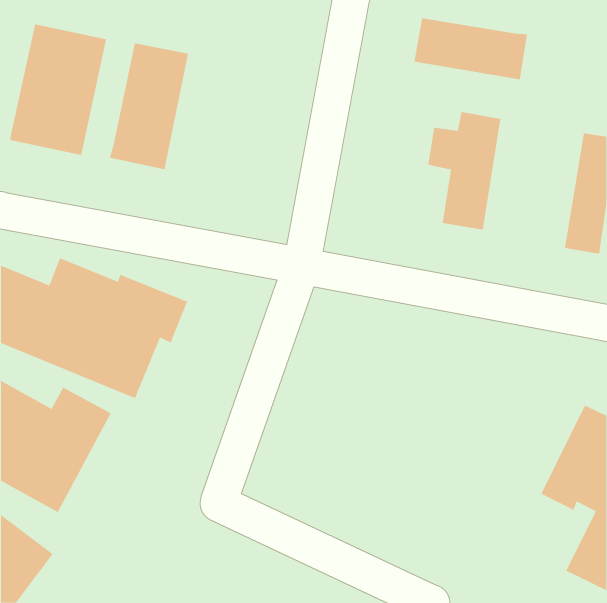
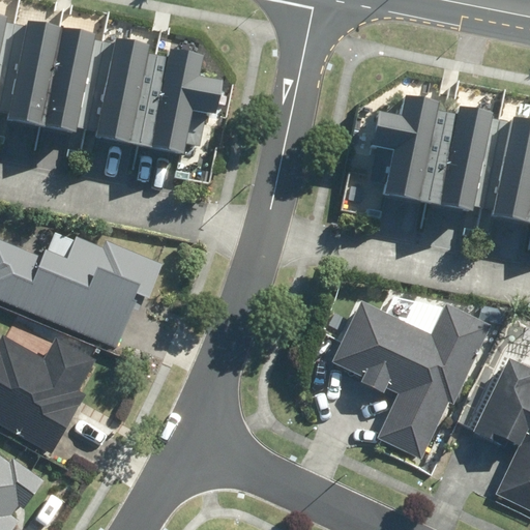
building: [414,18,527,80] -> none
building: none -> [151,50,222,155]
building: none -> [441,107,492,214]
building: none -> [328,296,494,459]

